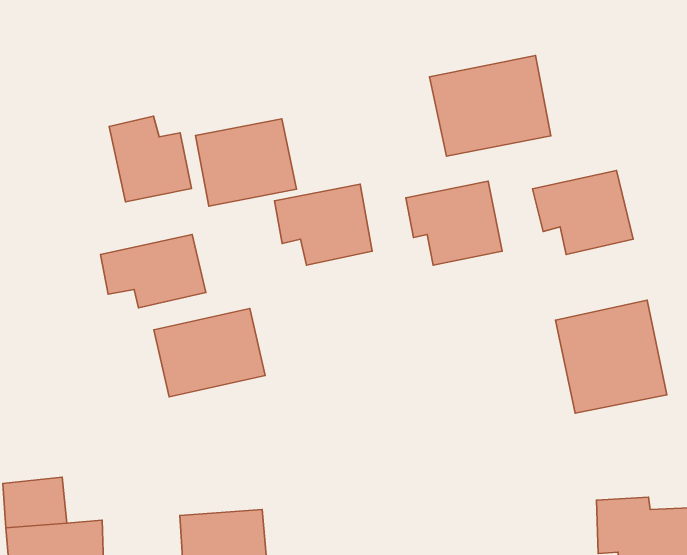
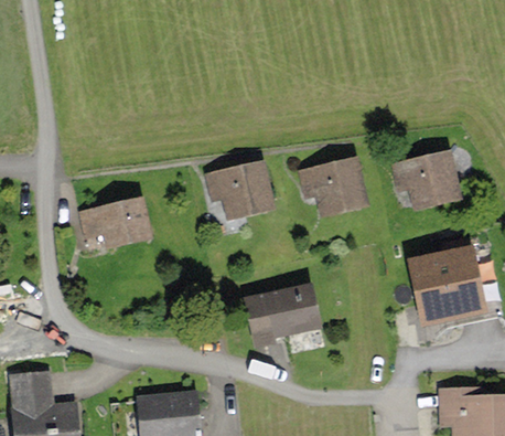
building: [429,56,551,156] -> none
building: [109,116,191,202] -> none
building: [196,119,297,206] -> none
building: [154,308,265,397] -> [244,281,324,345]

